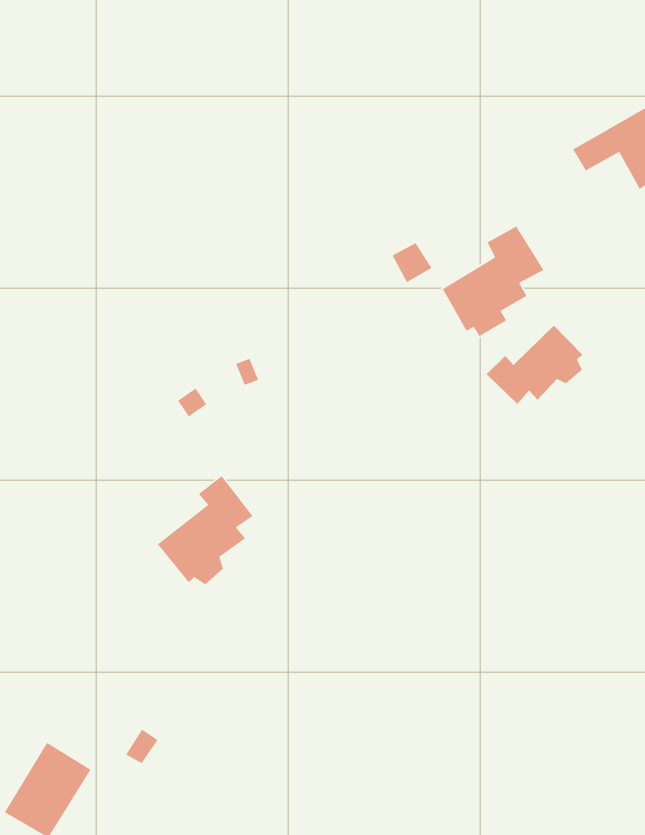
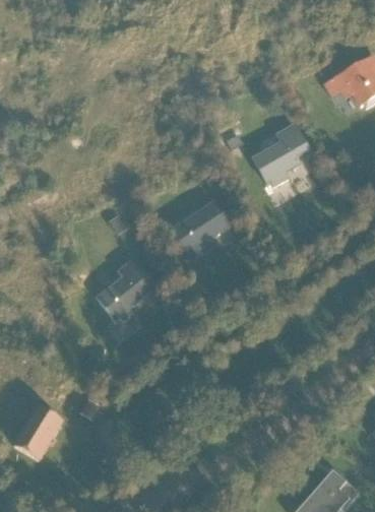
building: [486,325,584,405] -> none
building: none -> [173,202,225,253]

